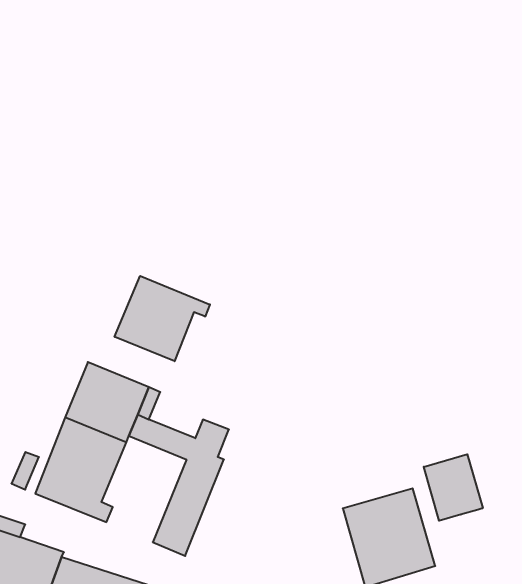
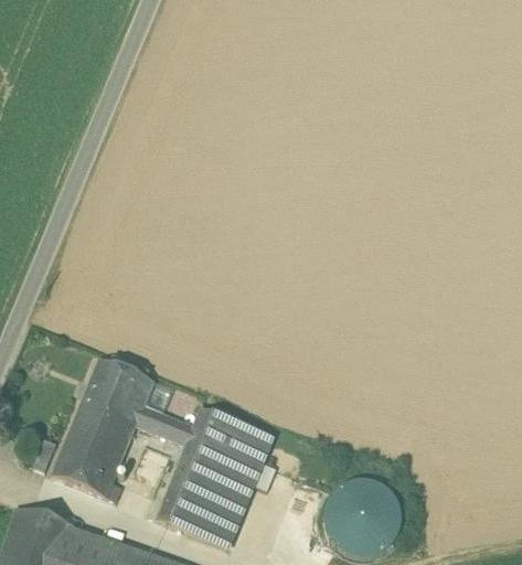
building: [115,276,210,361] -> none
building: none -> [187,420,273,548]
building: [424,454,483,521] -> none

